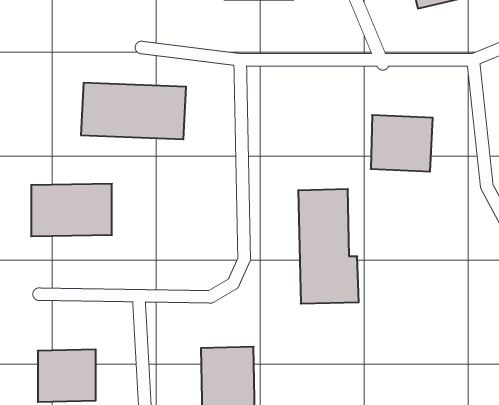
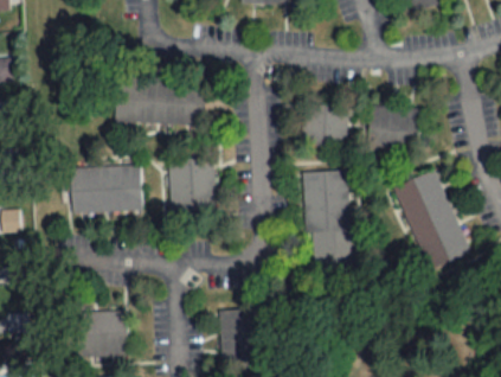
building: none -> [302,103,347,146]
building: none -> [169,158,214,219]
building: none -> [393,168,468,270]

